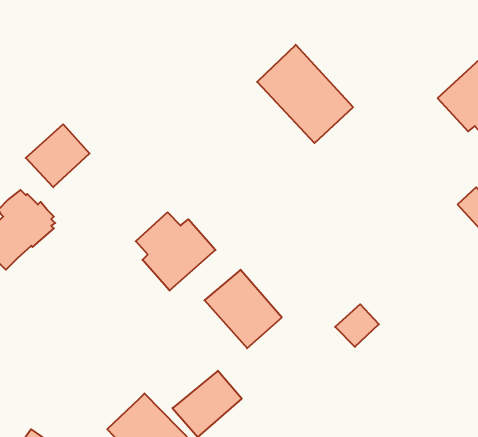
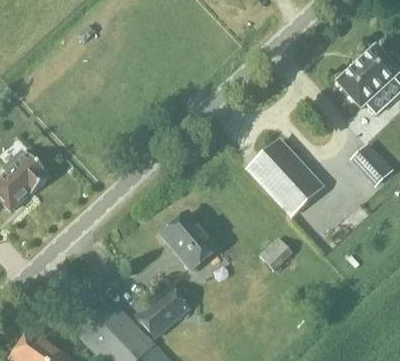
building: [257,45,353,143] -> [248,139,320,214]
building: [26,124,90,187] -> none
building: [136,212,216,291] -> none

